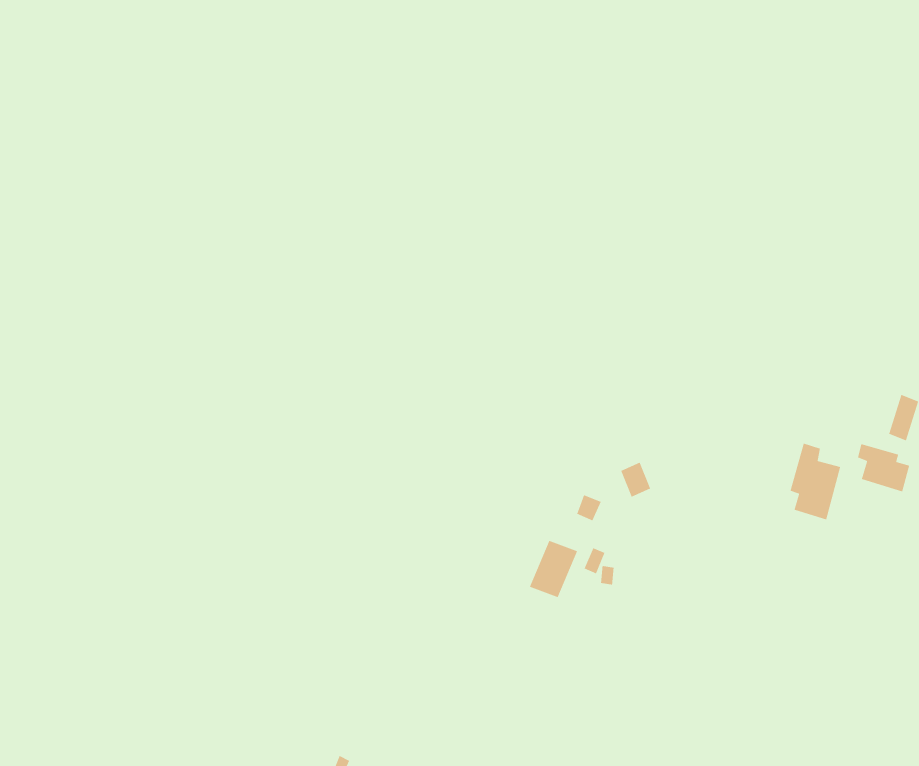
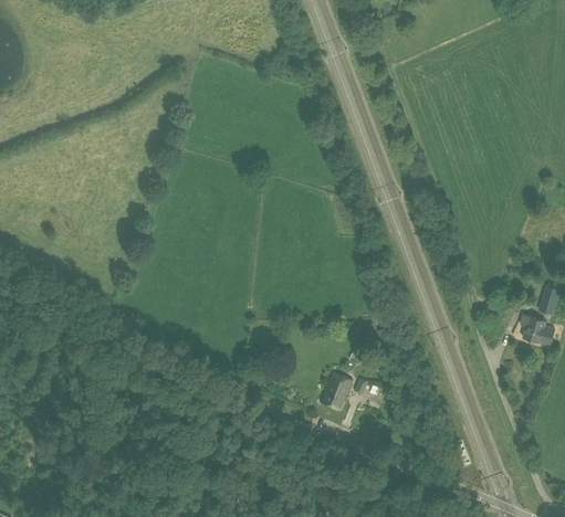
building: [789,443,841,520] -> none

